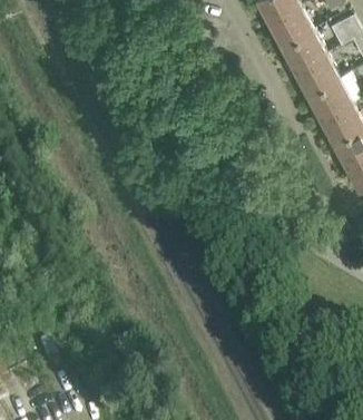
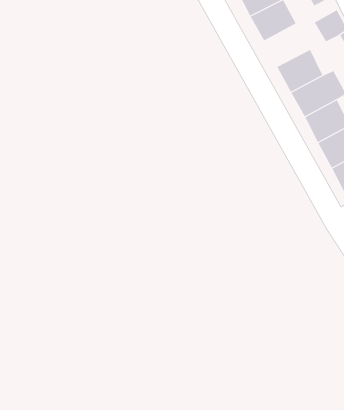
building: [281,28,325,69] -> none

